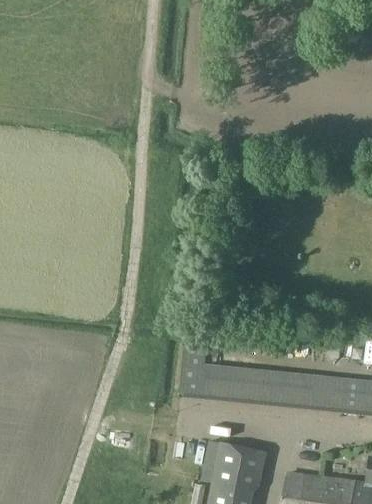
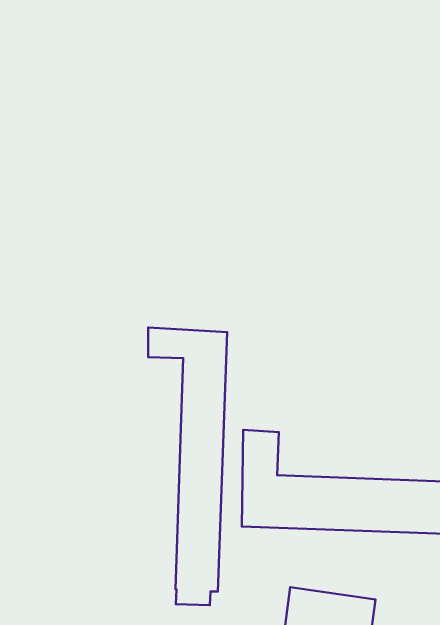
building: none -> [148,328,227,605]

